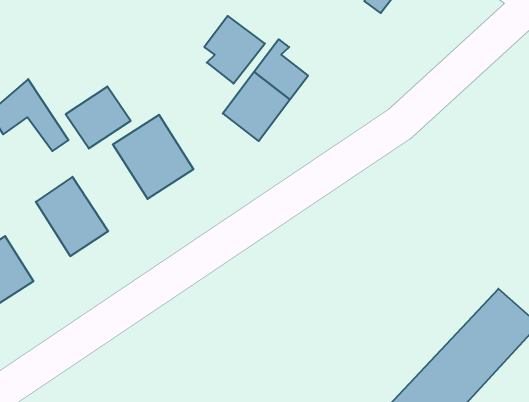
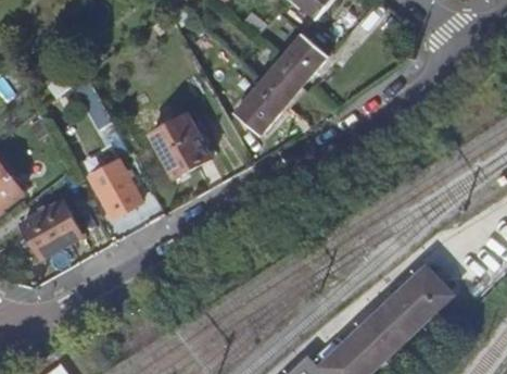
building: [204,16,265,84] -> [278,36,325,88]
building: [66,86,131,149] -> none

